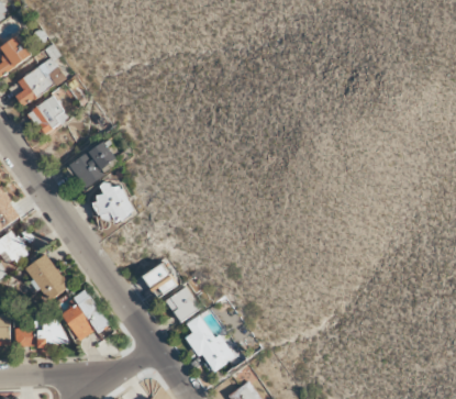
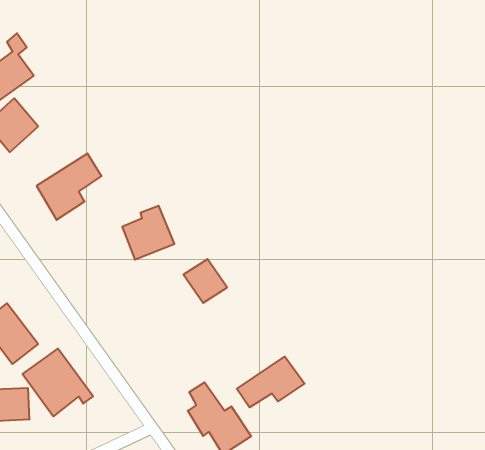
building: [91,184,132,225] -> [122,206,174,260]
building: [142,264,176,298] -> [183,259,227,303]
building: [164,287,200,323] -> none
building: none -> [237,357,305,407]

